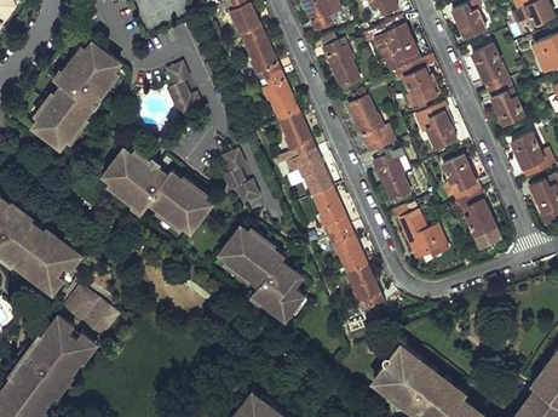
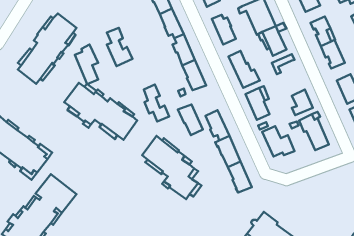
building: none -> [75,44,98,84]
building: [424,113,455,148] -> none
building: [294,150,332,196] -> [178,105,203,135]

